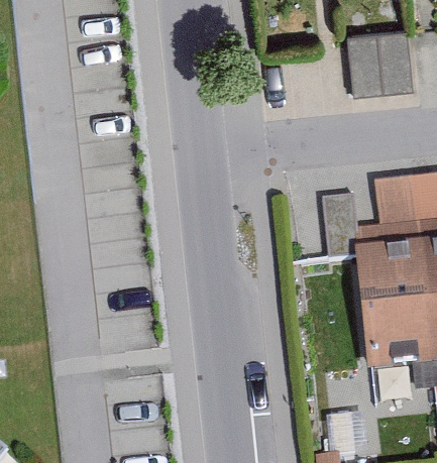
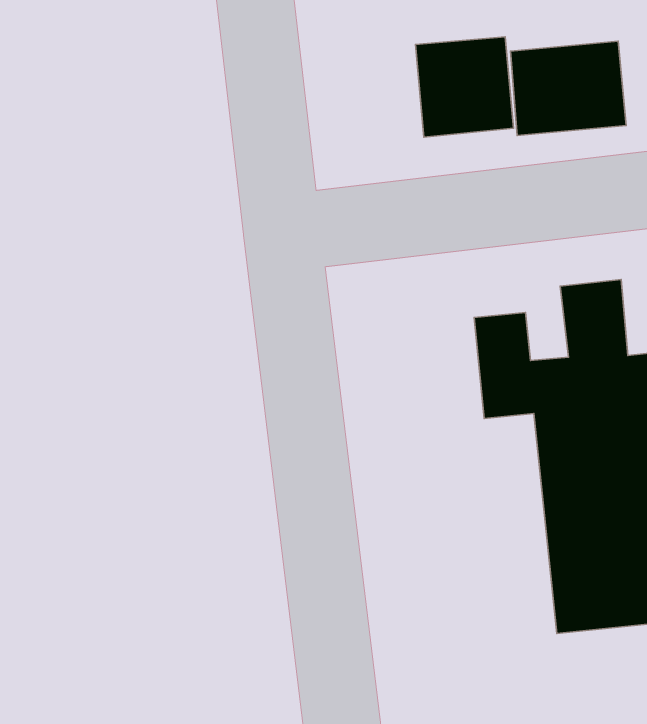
building: none -> [415,37,513,137]

